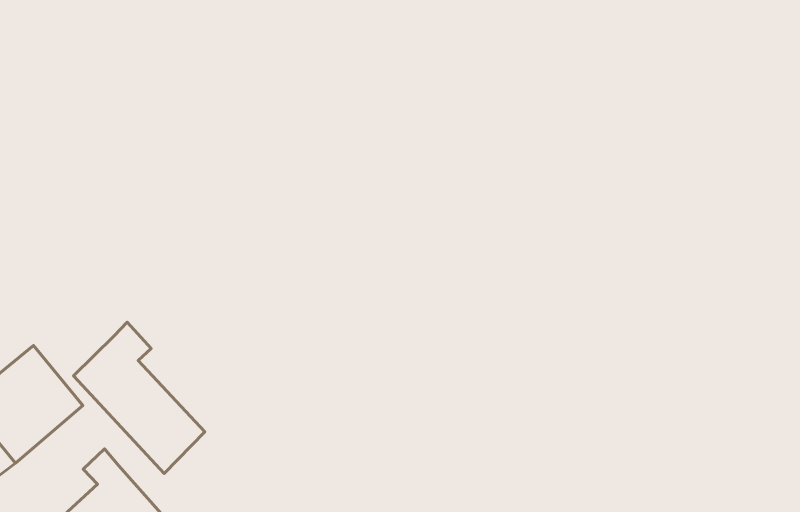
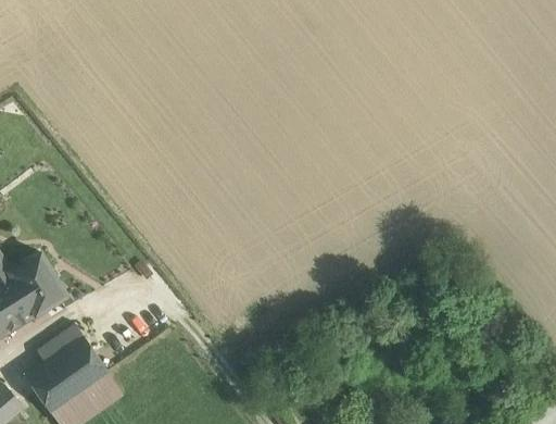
building: [74,322,205,474] -> none

